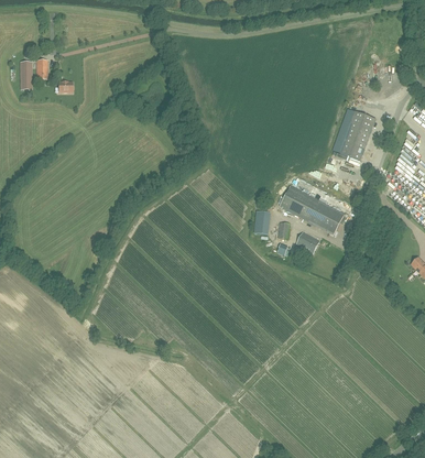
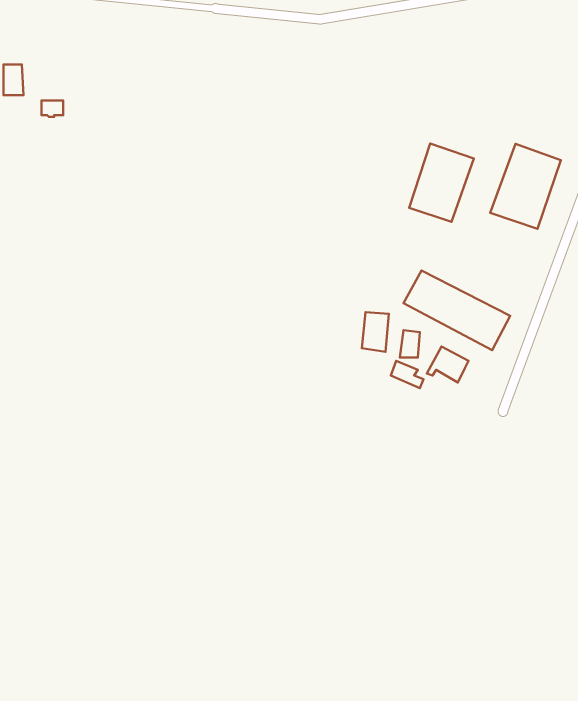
building: none -> [409,143,474,222]

